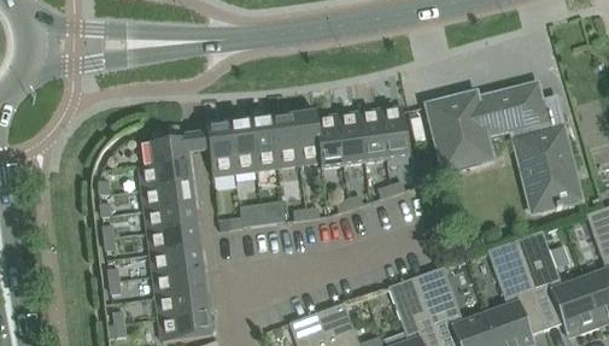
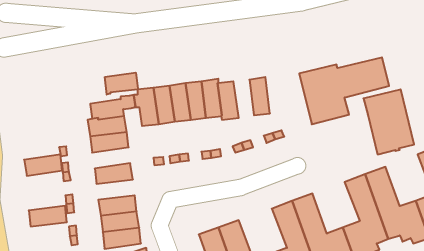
building: none -> [105,73,138,95]
building: [381,106,410,158] -> none
building: [338,112,365,164] -> none
building: [146,204,198,233] -> [24,154,62,176]
building: [152,247,204,275] -> [29,206,67,226]

